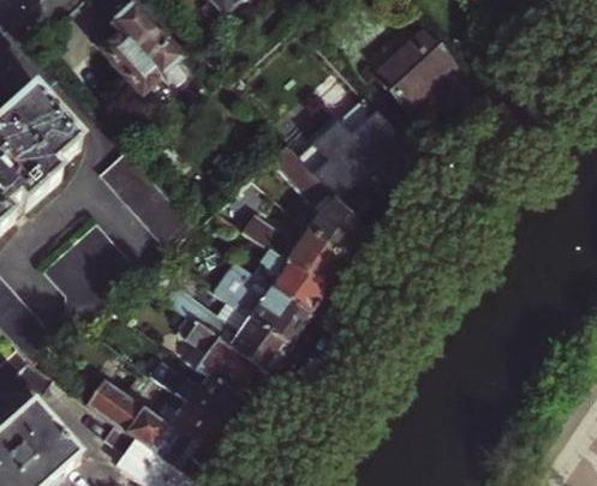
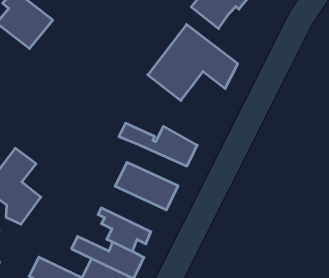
building: [271,145,368,263] -> none
building: [103,151,195,248] -> none
building: [250,248,328,314] -> none
building: [162,287,289,374] -> none

